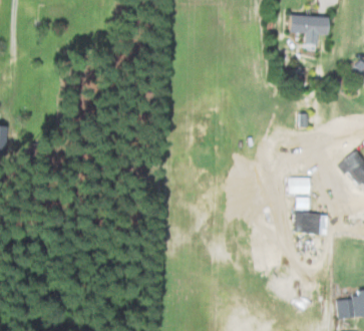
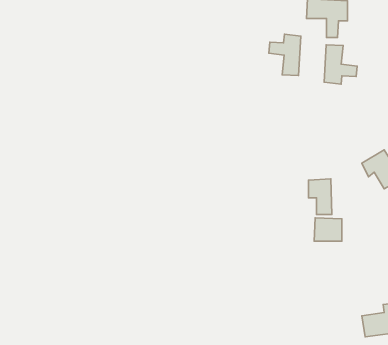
building: none -> [269,34,301,76]
building: none -> [324,45,357,84]

